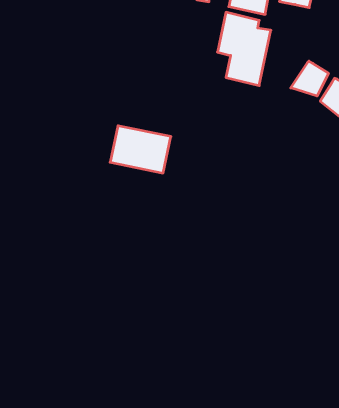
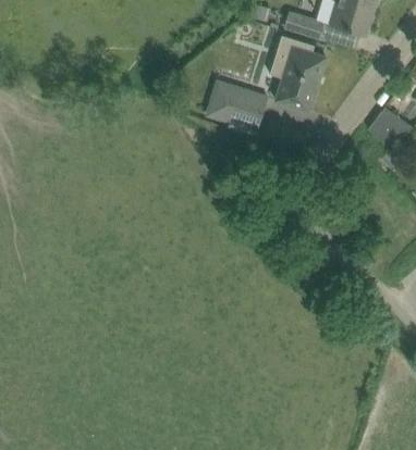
building: [291,61,328,96] -> none
building: [110,126,171,173] -> [205,80,268,132]

